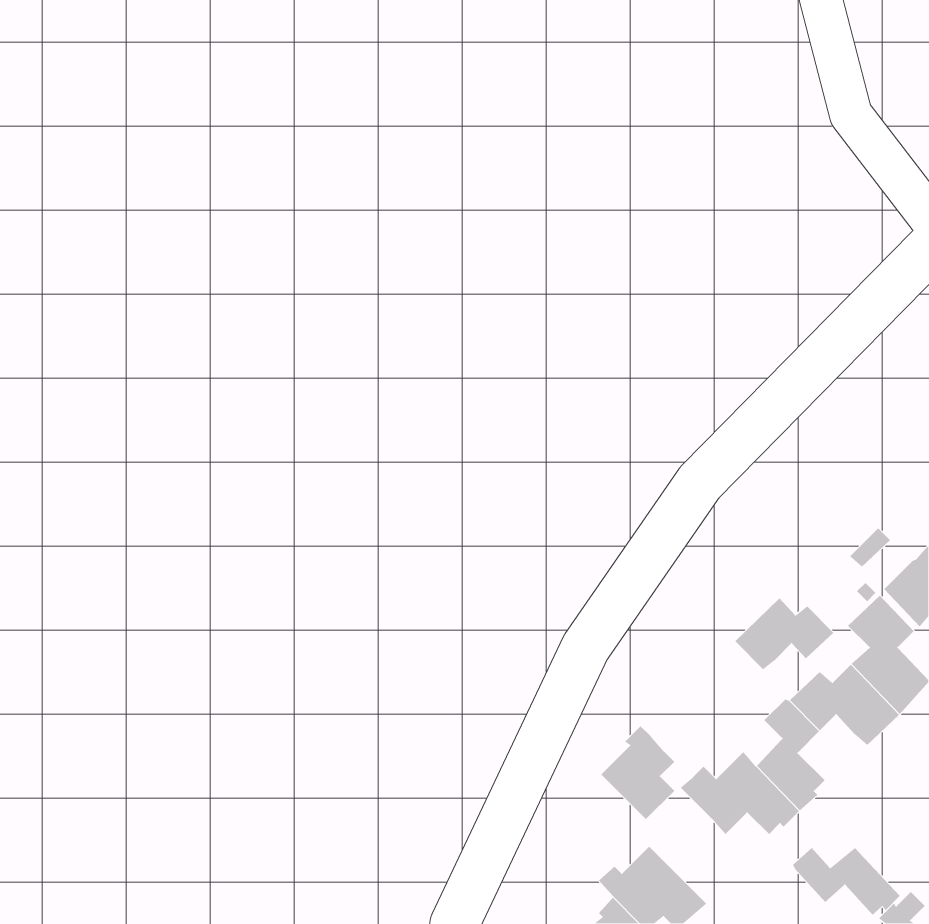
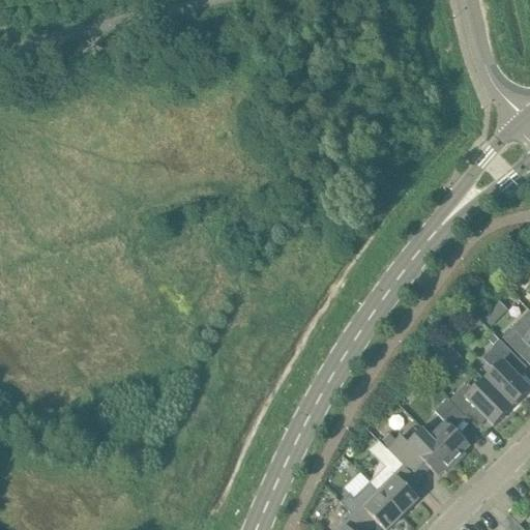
building: [734,598,834,670] -> none
building: [600,725,675,820] -> [377,461,419,514]
building: [792,847,901,916] -> none

